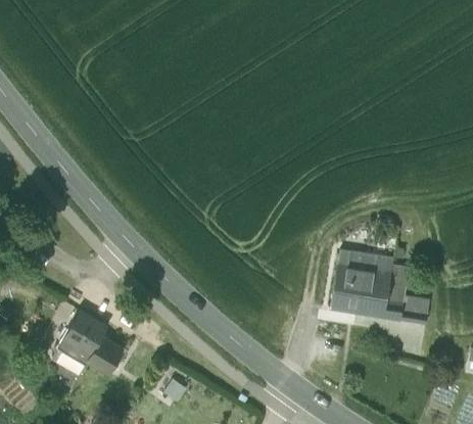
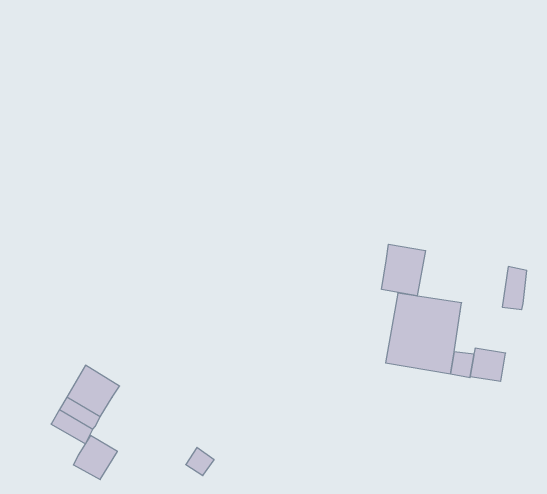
building: none -> [382,244,426,296]
building: [386,265,407,300] -> [502,267,527,310]
building: [87,336,124,373] -> [73,435,117,480]

